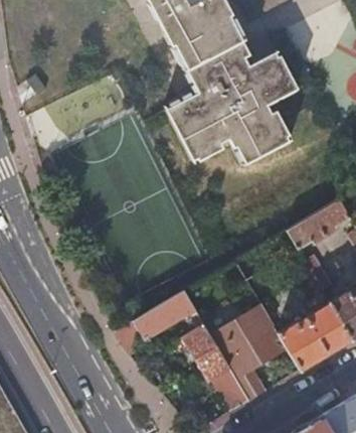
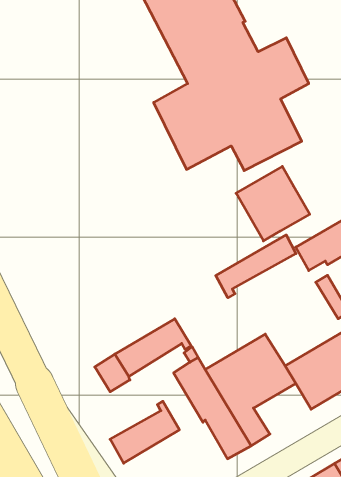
building: none -> [236,166,310,241]
building: none -> [216,235,296,298]
building: none -> [110,401,179,463]

